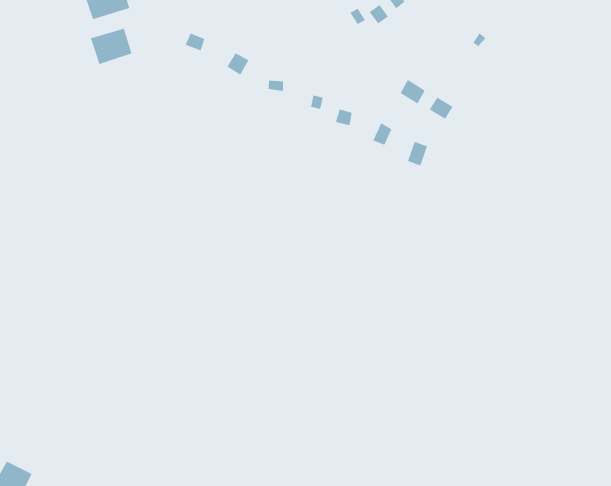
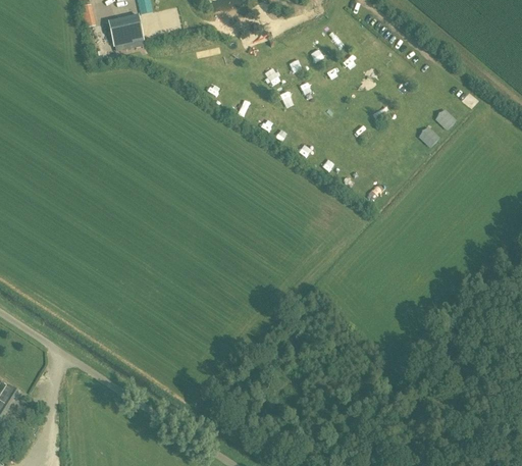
building: [90,28,132,65] -> none

